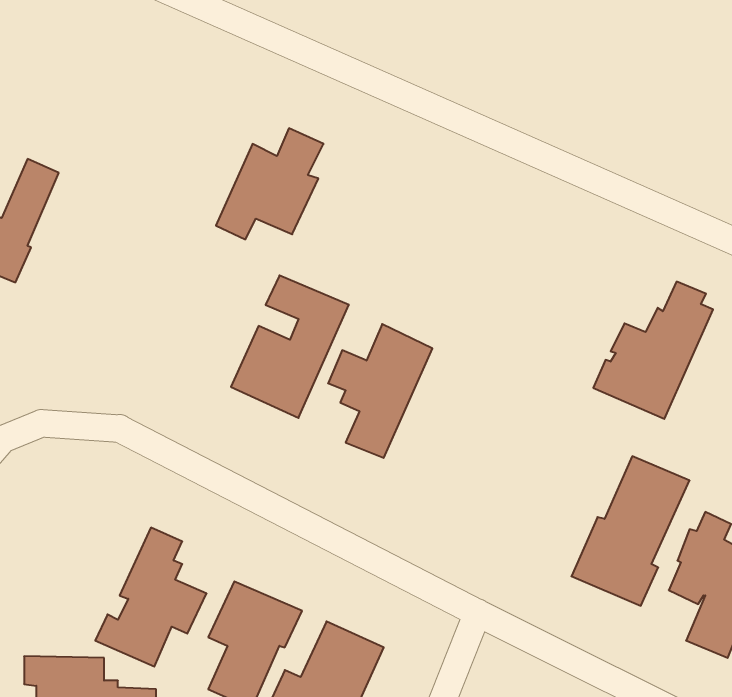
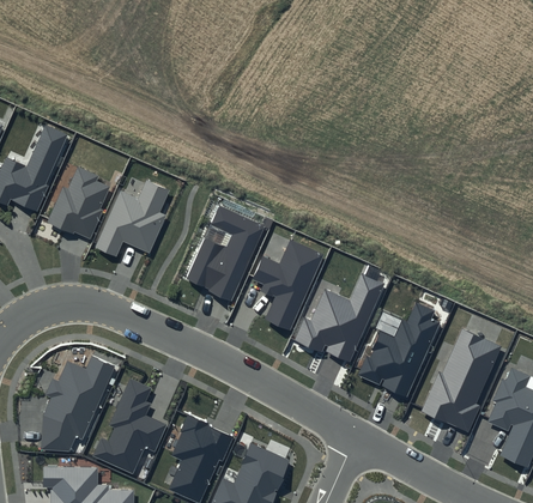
building: [216,128,324,239] -> [96,180,170,256]
building: none -> [48,168,110,240]
building: [593,282,713,419] -> [358,302,441,396]
building: none -> [295,273,384,362]
building: none -> [41,354,115,452]

